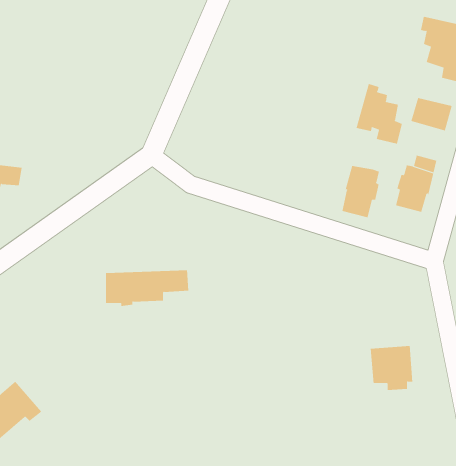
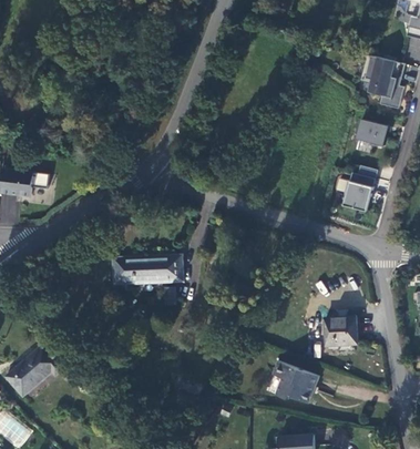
building: [356,83,403,144] -> none
building: [342,165,380,218] -> none
building: none -> [273,360,318,402]

